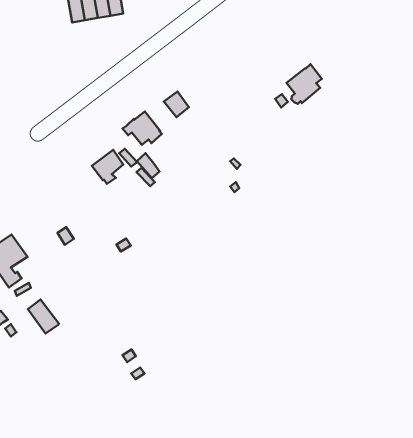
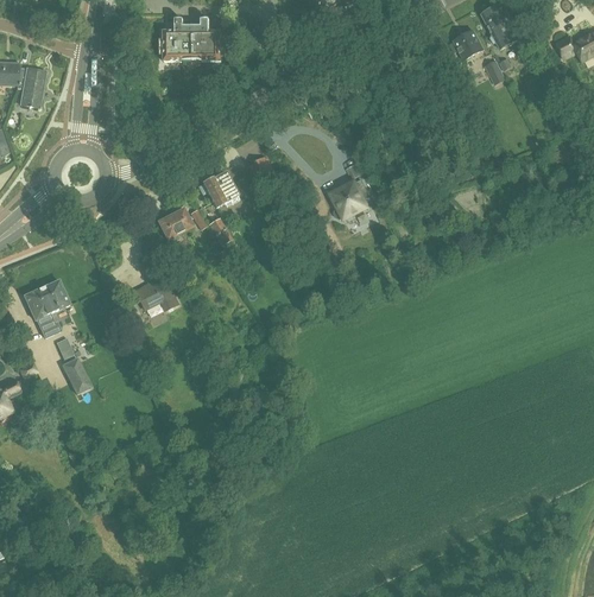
building: [286,64,322,104] -> [330,178,369,218]
building: none -> [134,262,177,307]

